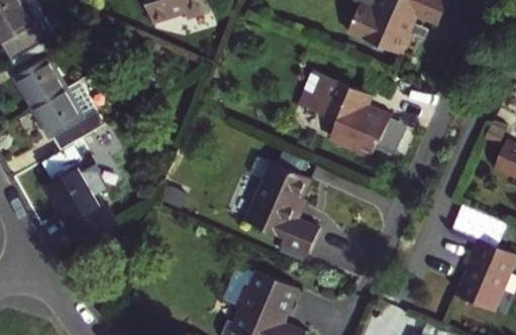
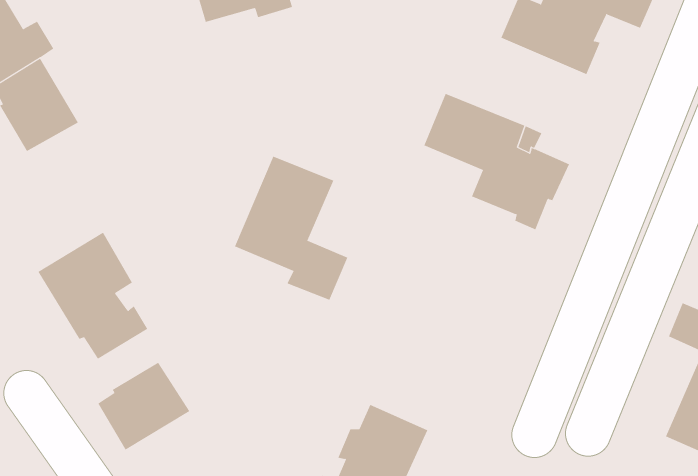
building: [34,87,108,148] -> none
building: [244,160,319,255] -> [234,156,348,301]
building: none -> [97,362,190,451]

